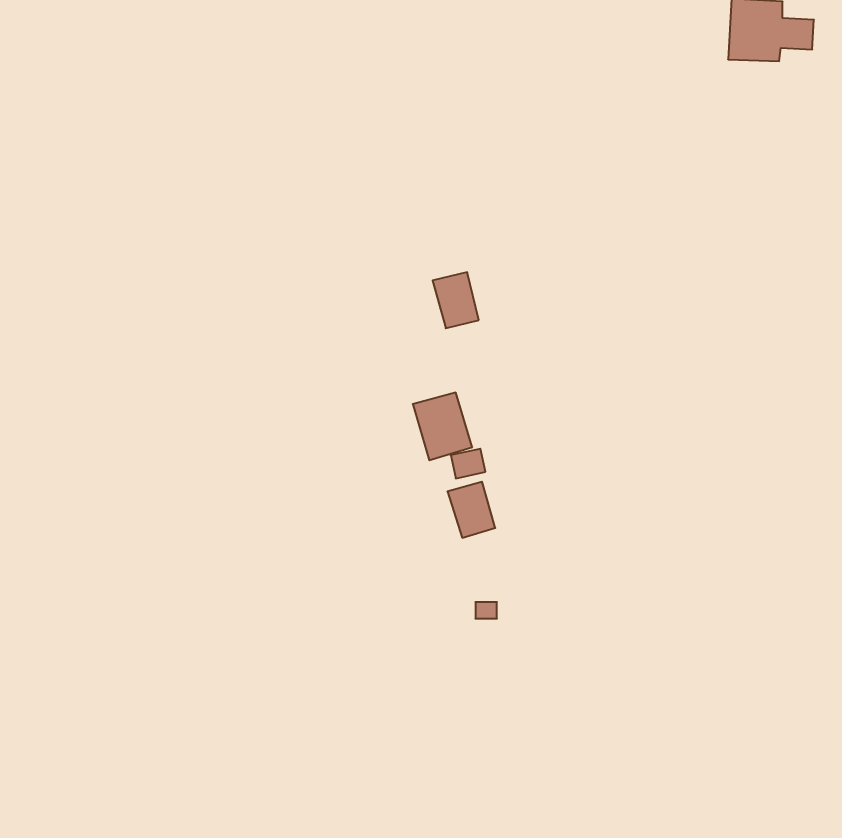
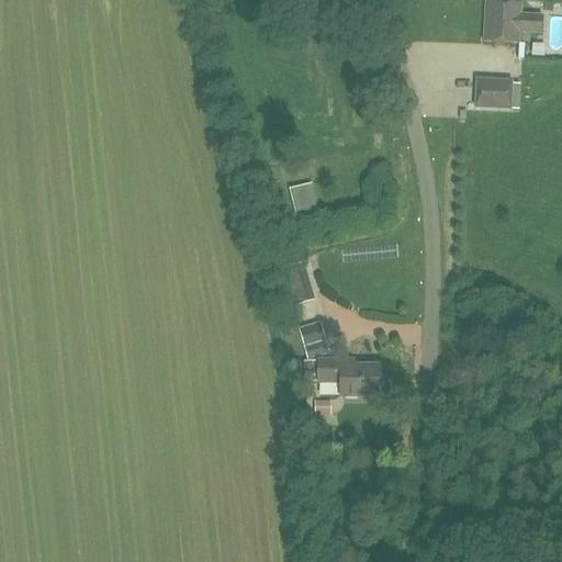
building: none -> [476,77,521,106]
building: none -> [305,359,378,393]

